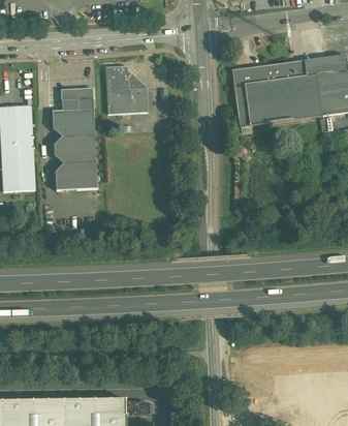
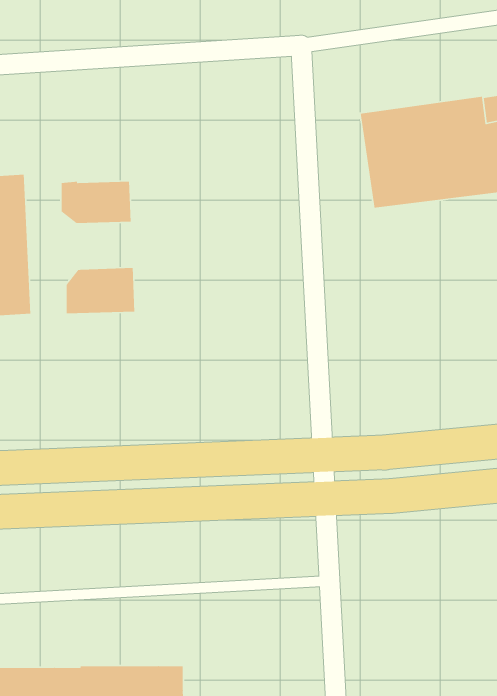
building: [105,65,148,114] -> none
building: [62,89,94,111] -> none
building: [54,134,96,162] -> none

